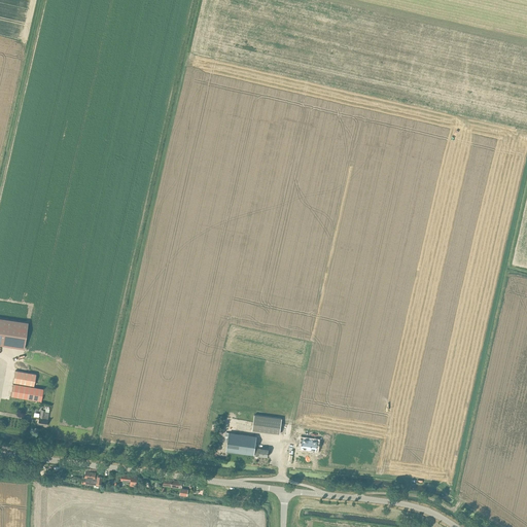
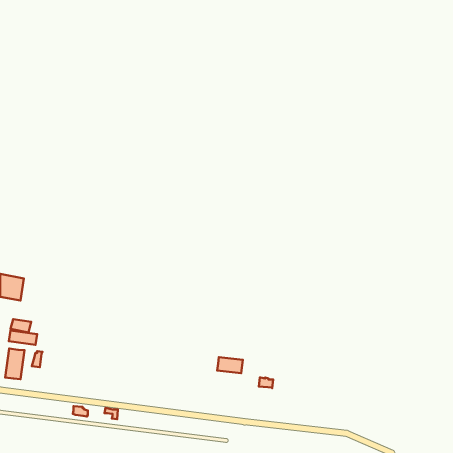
building: none -> [5,349,24,379]
building: [225,432,269,457] -> none

